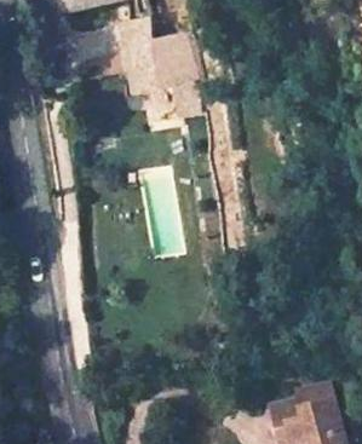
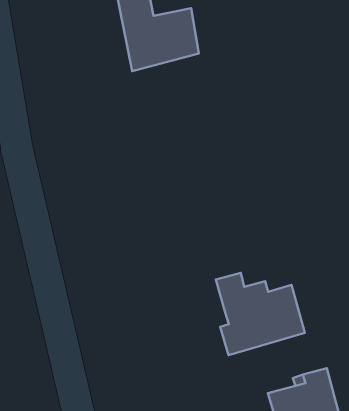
building: none -> [216,273,305,355]

